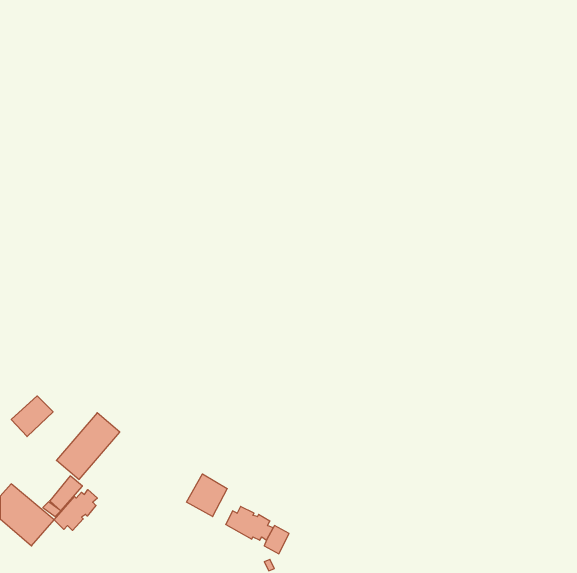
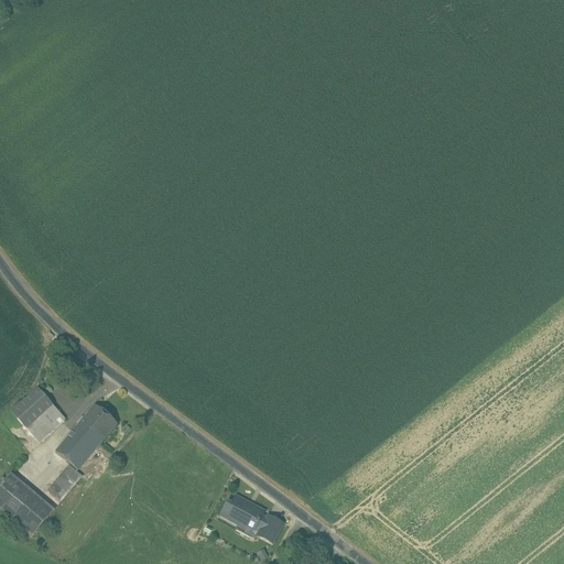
building: none -> [26,402,65,440]
building: [187,474,227,517] -> none
building: [54,490,97,530] -> none

